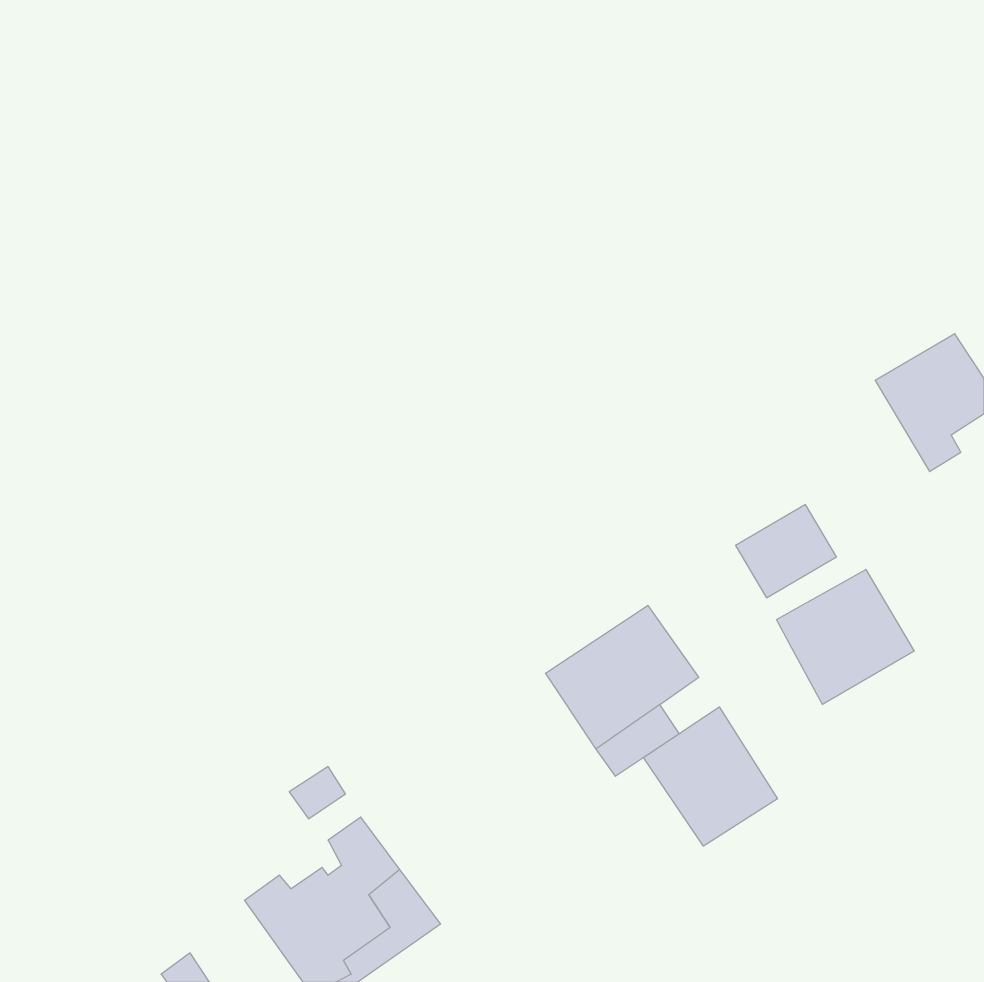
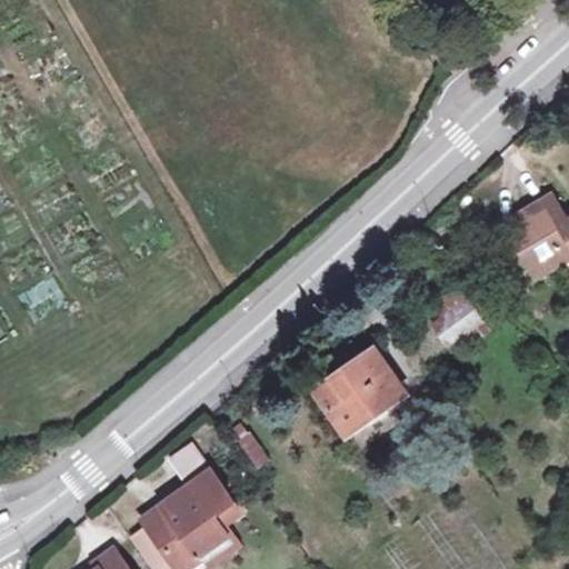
building: [777,569,914,704] -> none
building: [644,707,777,846] -> none

